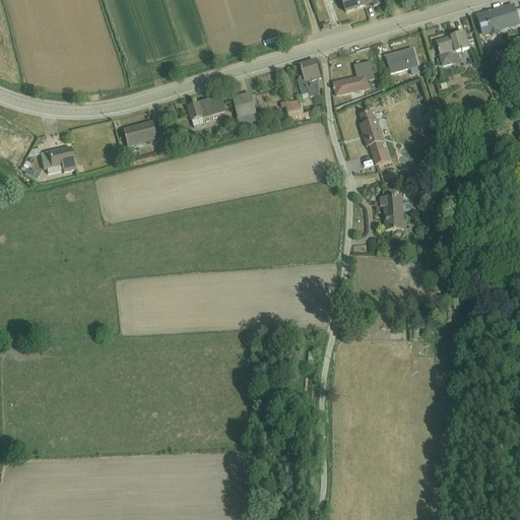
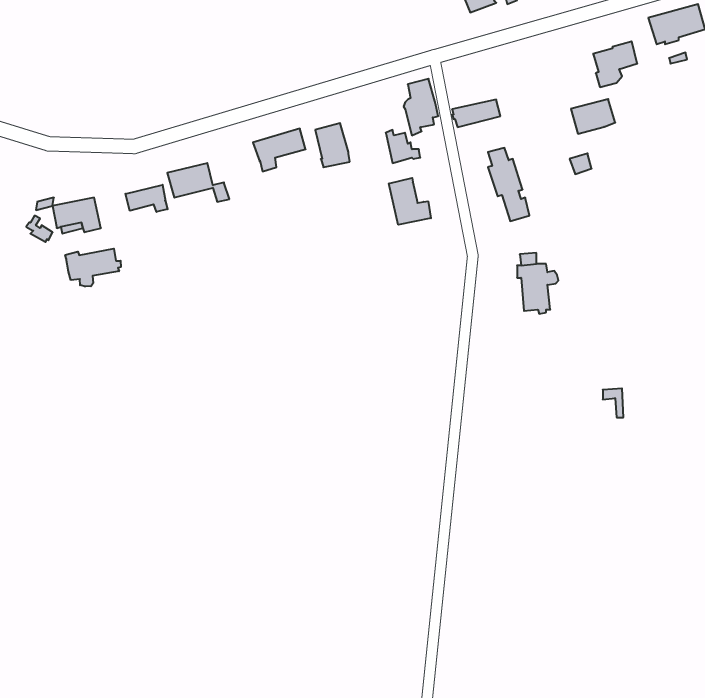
building: [385,47,417,72] -> [571,99,615,134]
building: none -> [389,178,431,225]
building: none -> [125,185,168,212]
building: none -> [65,249,121,287]

